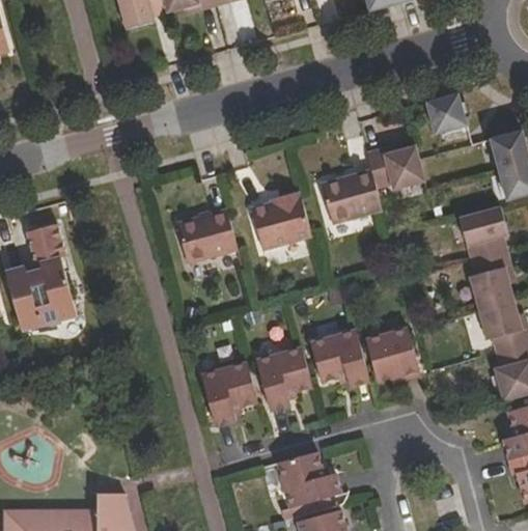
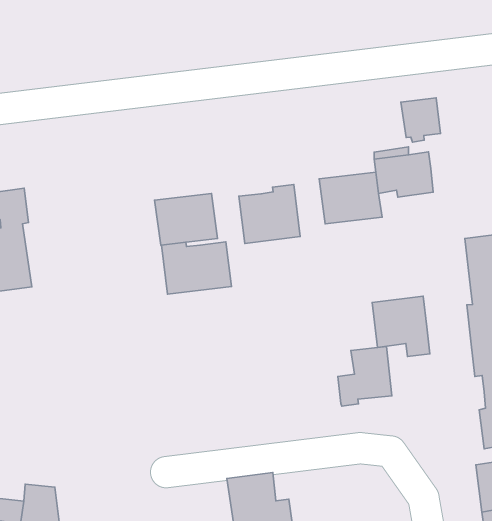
building: [426,94,466,137] -> [401,98,440,142]
building: none -> [161,242,231,294]
building: [311,330,369,386] -> [372,296,430,356]
building: [256,347,312,411] -> none
building: [207,371,260,424] -> none

